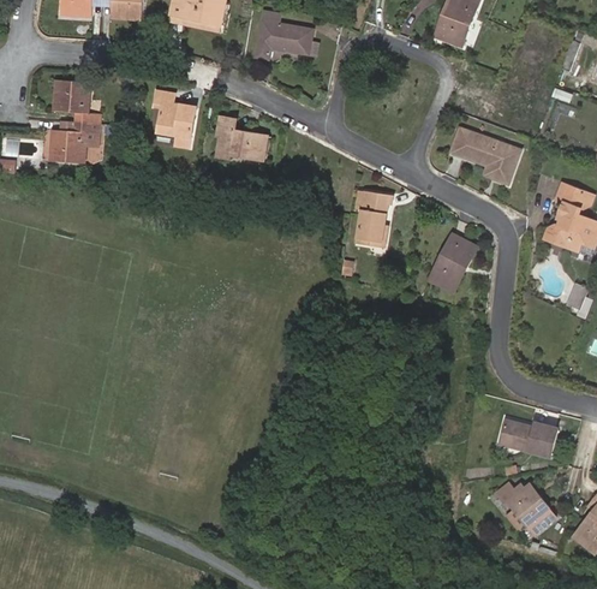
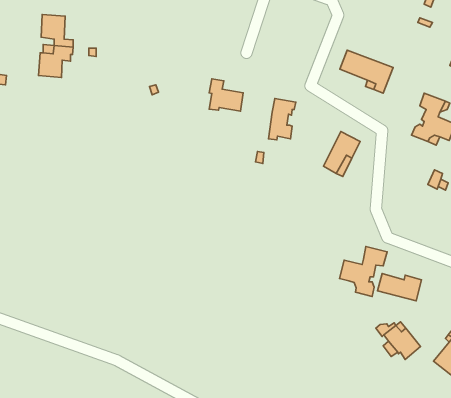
building: [153,89,195,147] -> none
building: [216,117,261,159] -> [209,79,243,111]
building: none -> [339,246,387,296]

